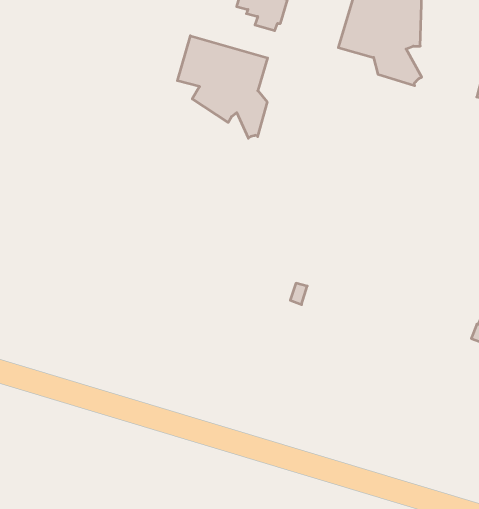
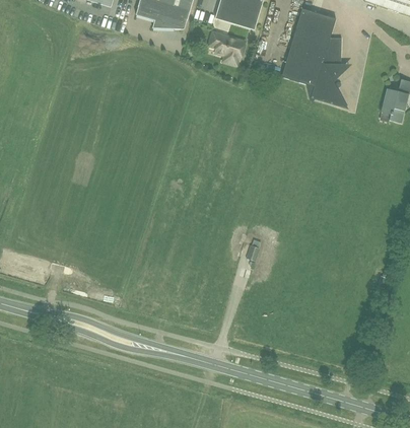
building: [177,36,268,138] -> none

